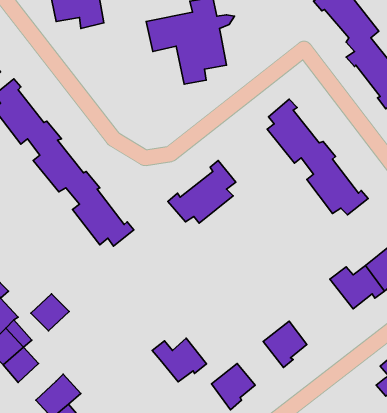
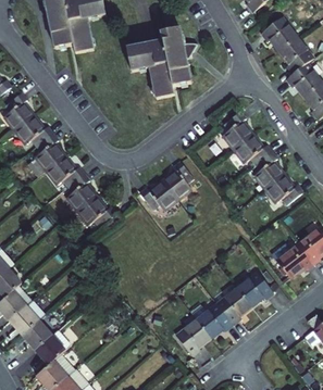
building: [31,294,69,331] -> [20,318,50,348]
building: none -> [236,269,272,303]
building: [152,338,207,382] -> [188,301,232,336]

